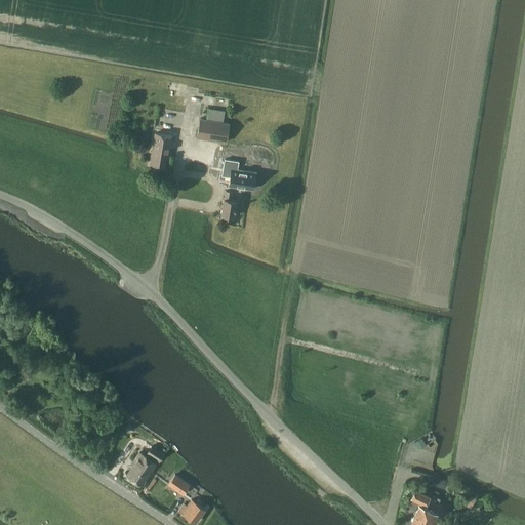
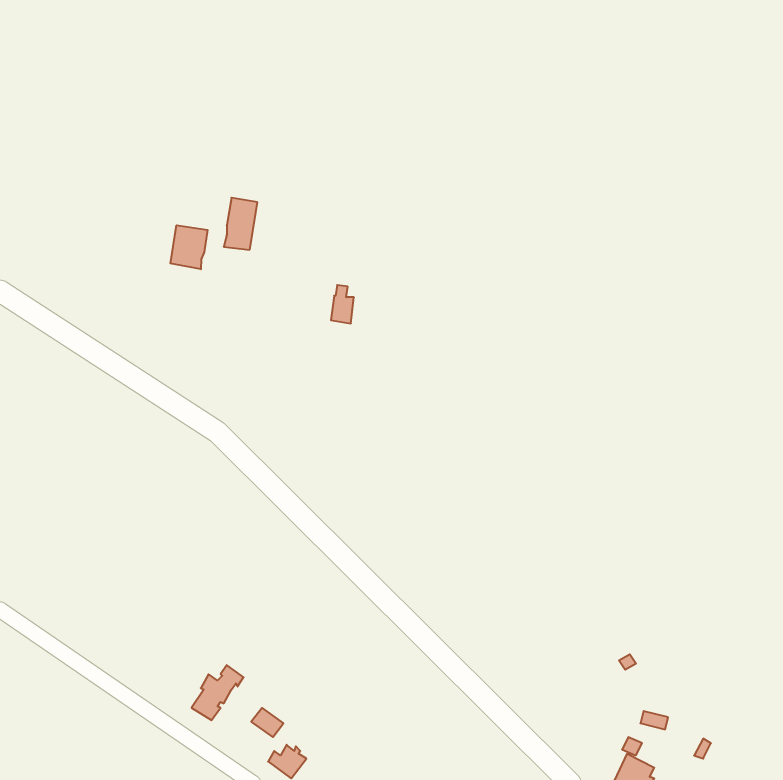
building: [197,110,229,143] -> none
building: none -> [170,225,208,269]
building: [223,161,255,191] -> none

